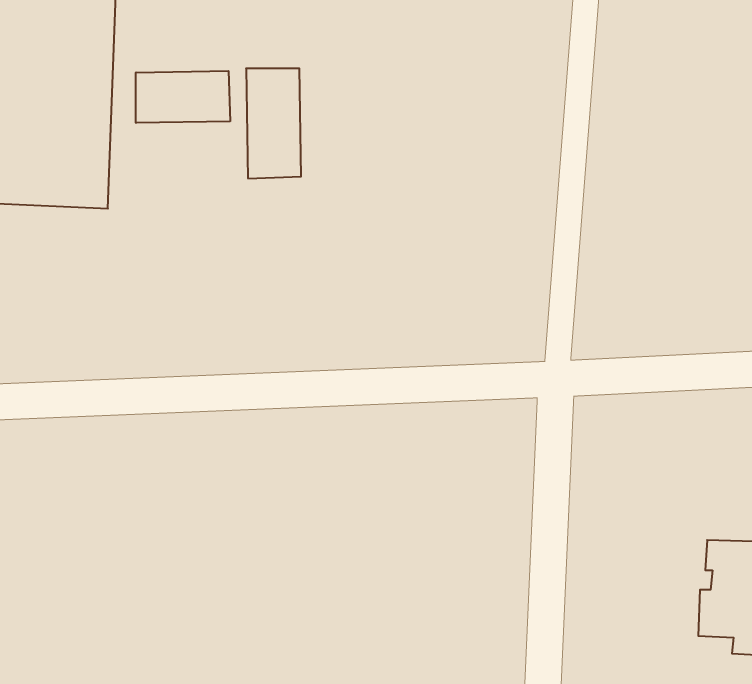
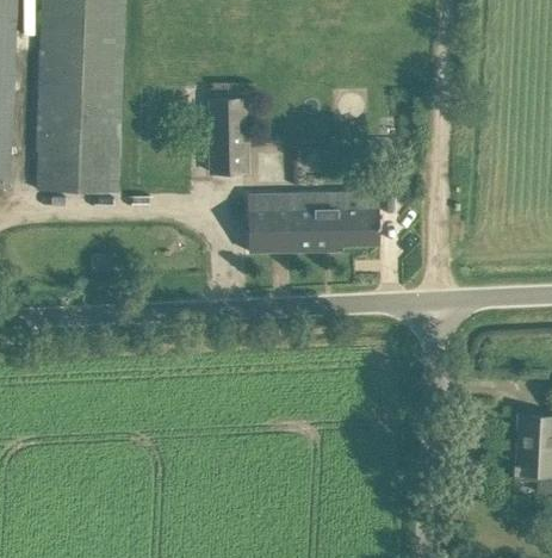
building: [136,71,230,123] -> none
building: none -> [247,192,379,250]

